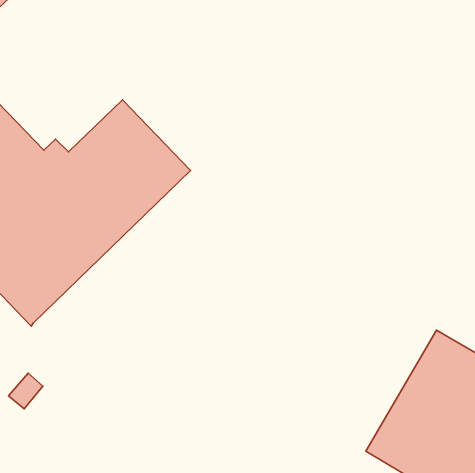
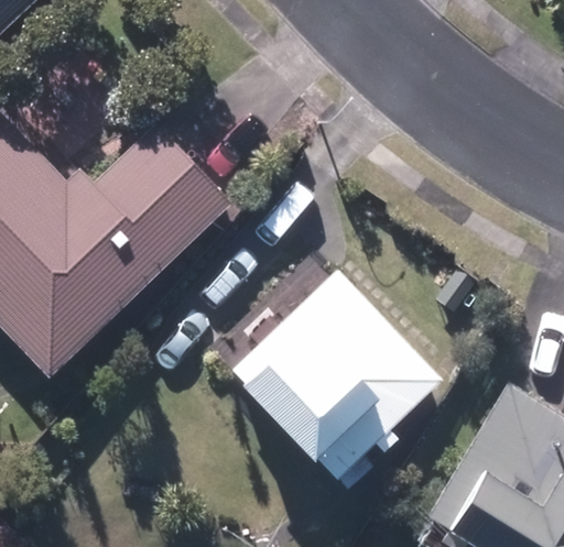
building: none -> [231,272,438,480]

